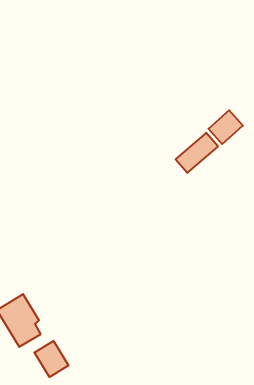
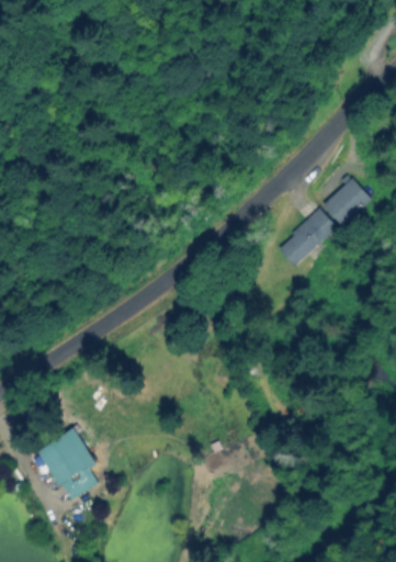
building: [34,341,68,377] -> none

